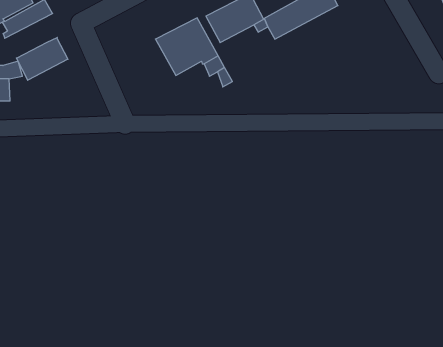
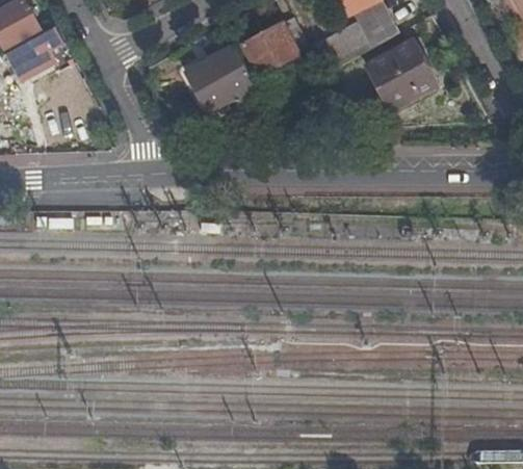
building: none -> [366,35,437,109]
building: [16,37,68,80] -> none

